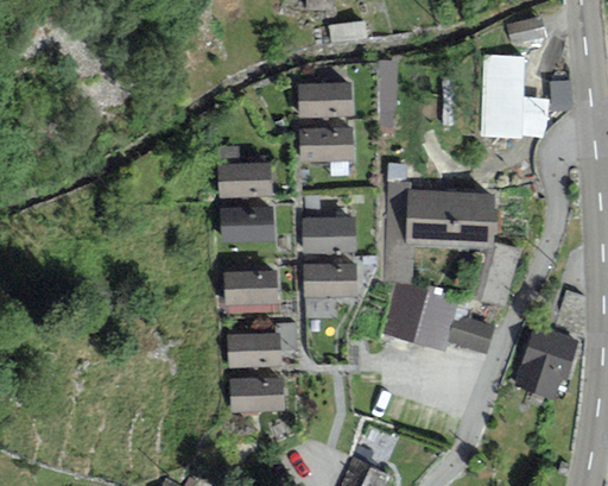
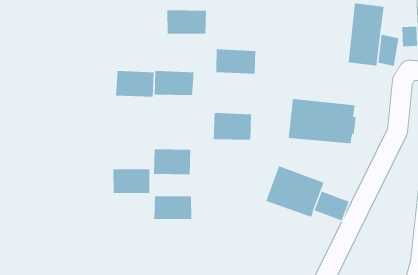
building: [296,82,352,118] -> [167,10,207,34]
building: [221,207,273,242] -> [115,70,154,97]
building: [480,242,520,307] -> none
building: [303,263,354,296] -> none
building: [514,327,578,399] -> none
building: [229,375,283,412] -> [113,169,150,194]

